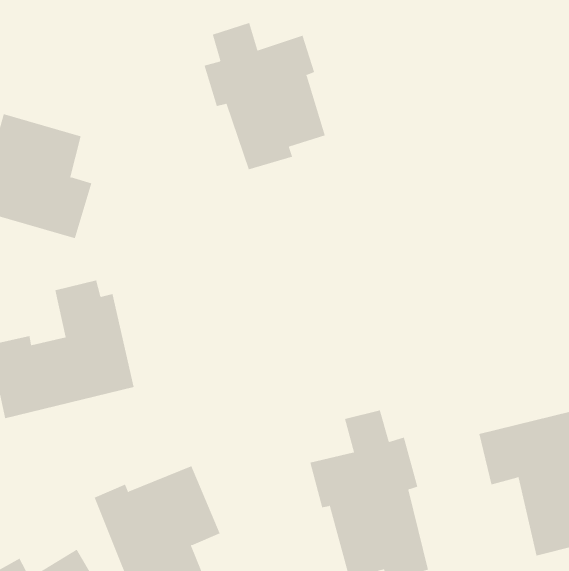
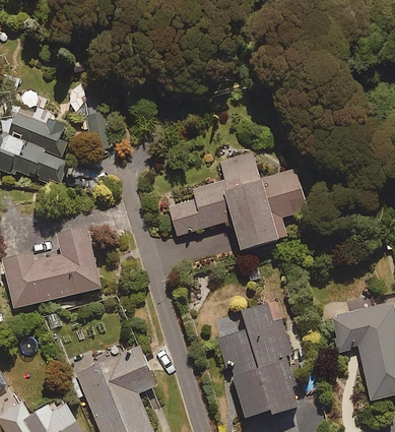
building: [204,22,326,170] -> none
building: none -> [171,157,308,249]

